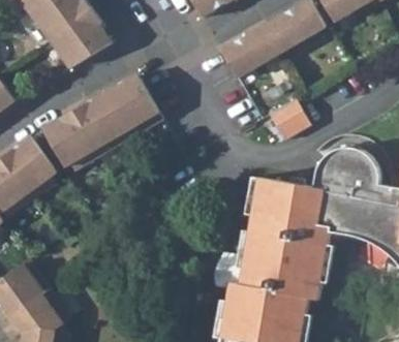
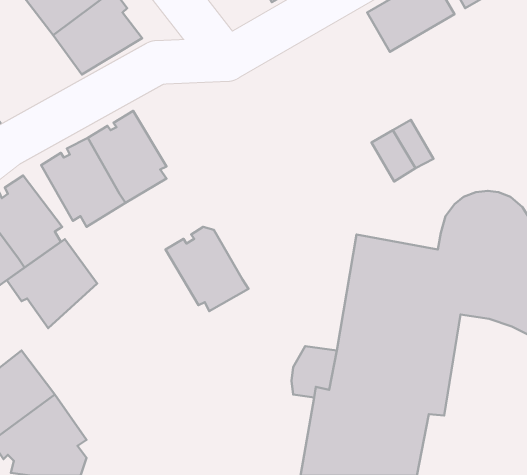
building: [220,24,281,76] -> none
building: [105,75,162,133] -> [165,227,248,311]
building: none -> [7,239,97,328]

